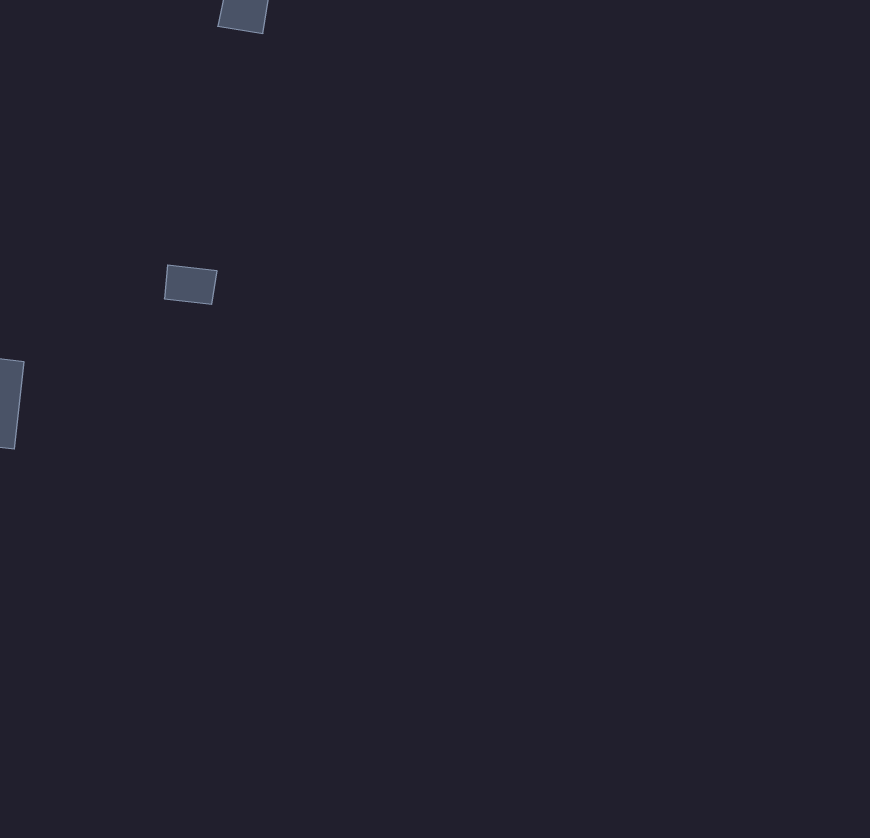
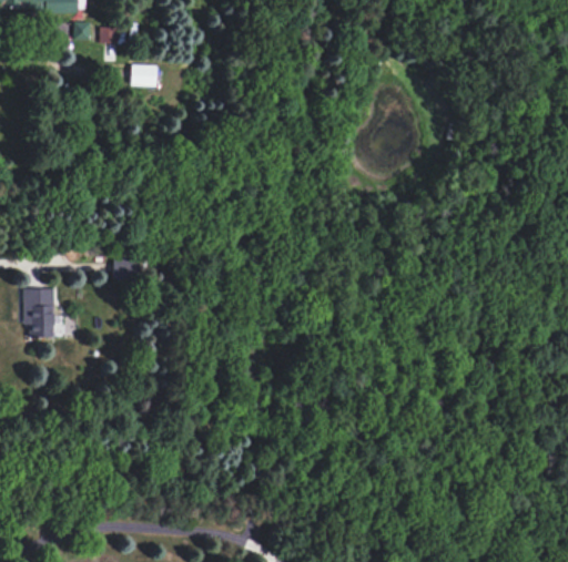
building: [164,265,217,304] -> [113,258,141,278]

